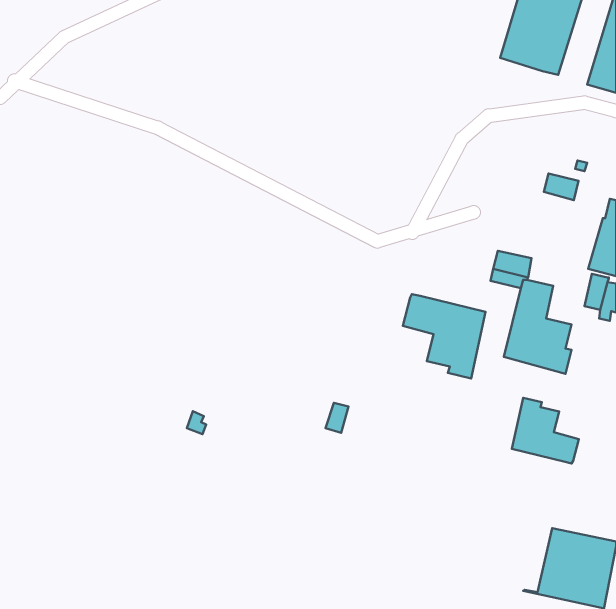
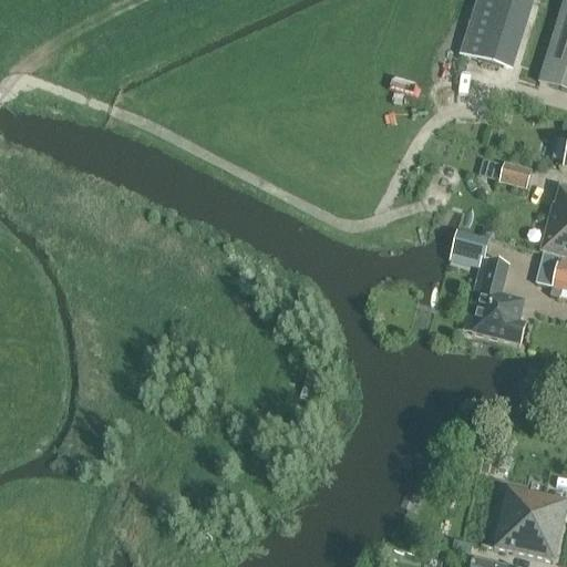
building: [403,294,486,379] -> none
building: [512,398,579,463] -> none

